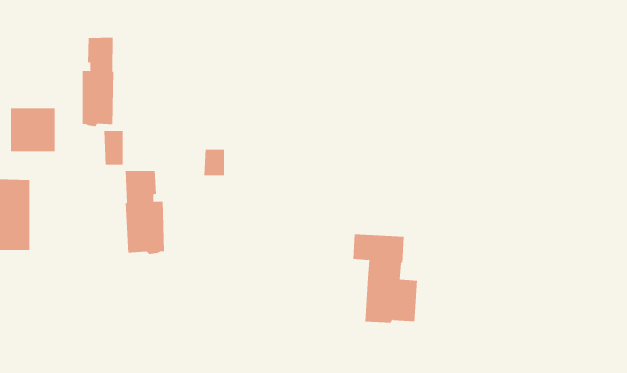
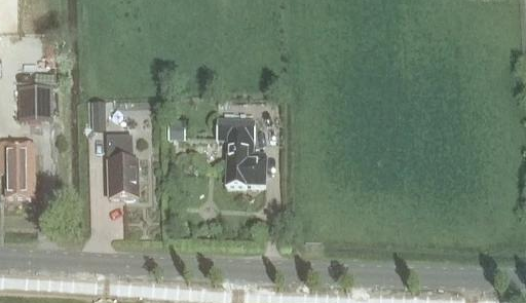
building: [82,37,114,127] -> none
building: [353,234,418,323] -> [216,117,266,186]

